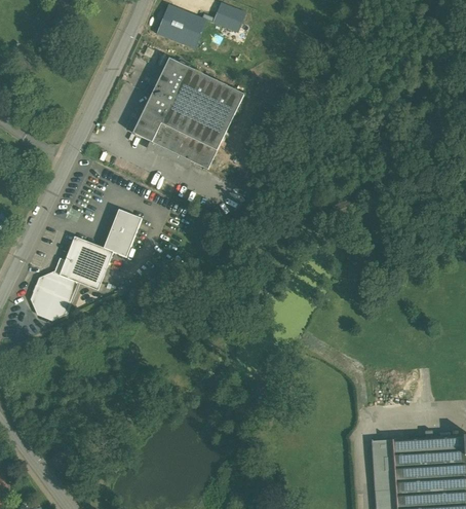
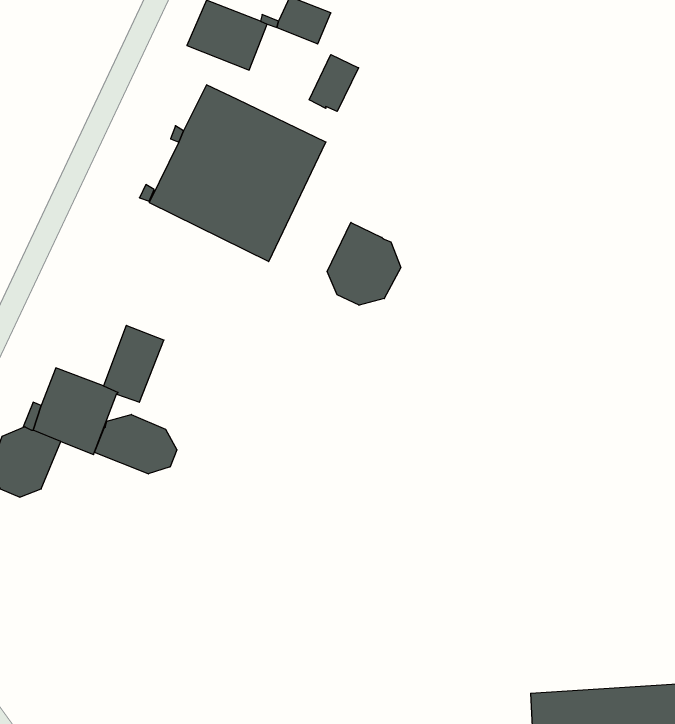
building: none -> [309,55,359,111]
building: none -> [327,222,401,305]
building: none -> [94,414,177,474]

